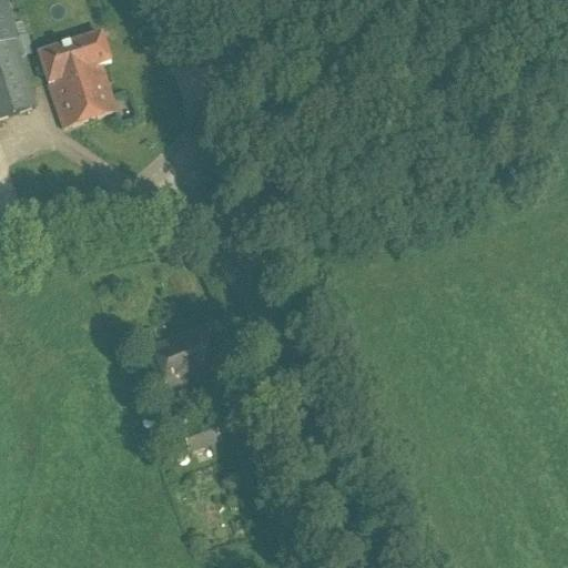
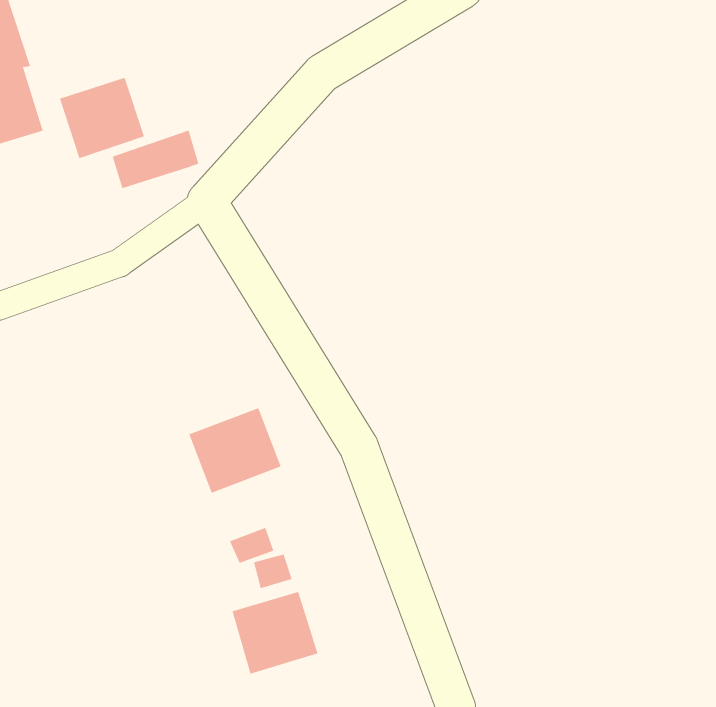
building: [39,31,108,78] -> [112,130,199,189]
building: none -> [232,591,318,675]

